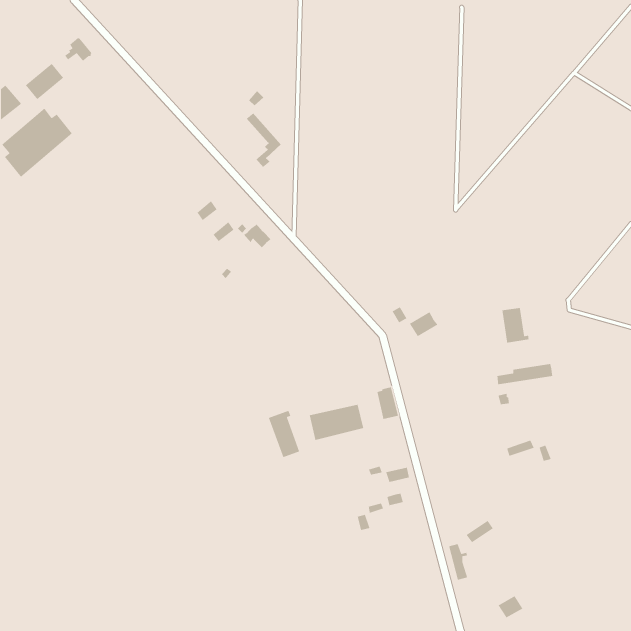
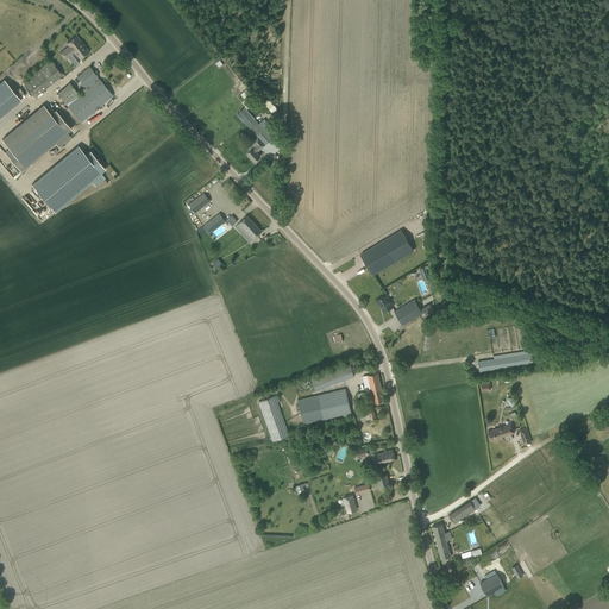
building: none -> [57,67,113,121]
building: none -> [32,145,106,212]
building: none -> [360,230,413,275]
building: [501,307,529,344] -> none

